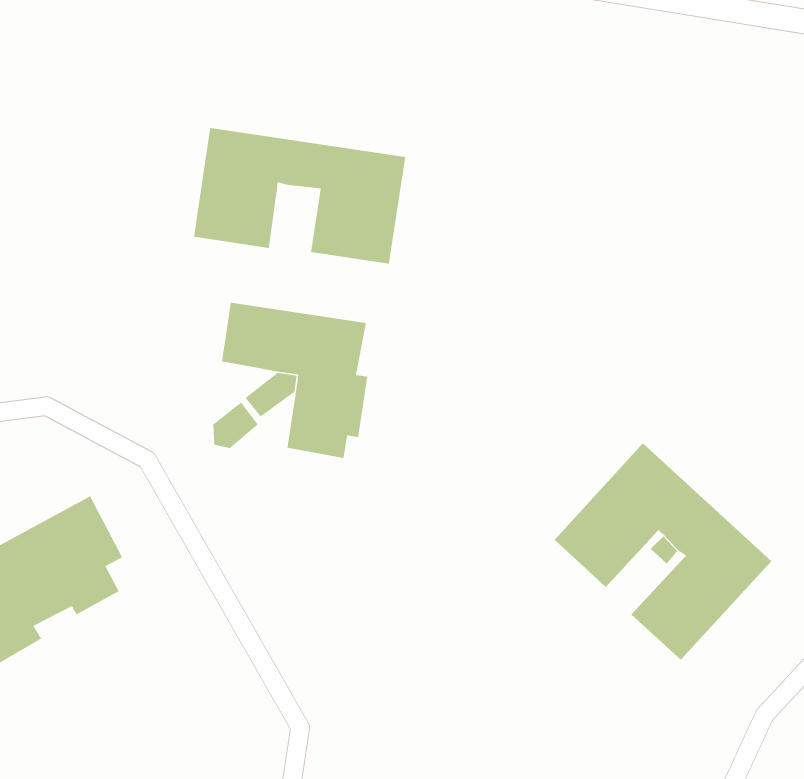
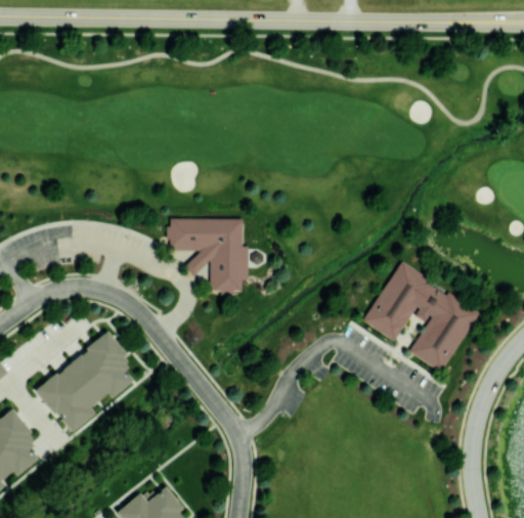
building: [193,127,406,264] -> none
building: [213,401,259,449] -> none

